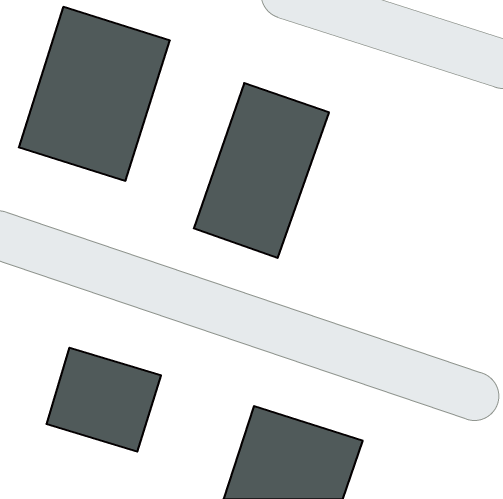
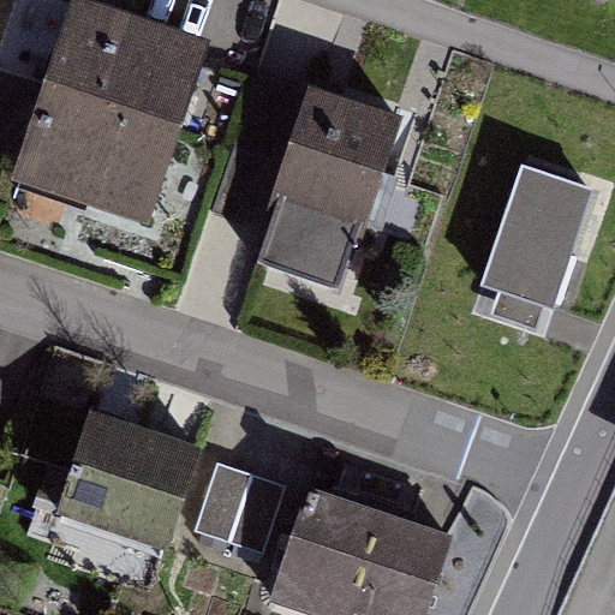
building: none -> [480,159,590,303]
building: none -> [193,460,283,550]

